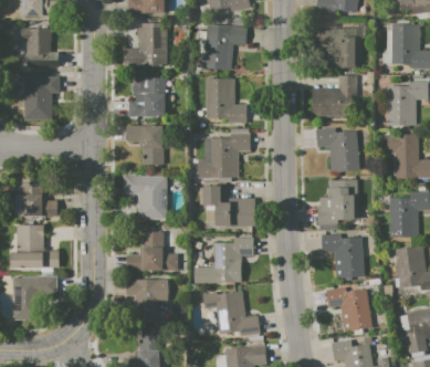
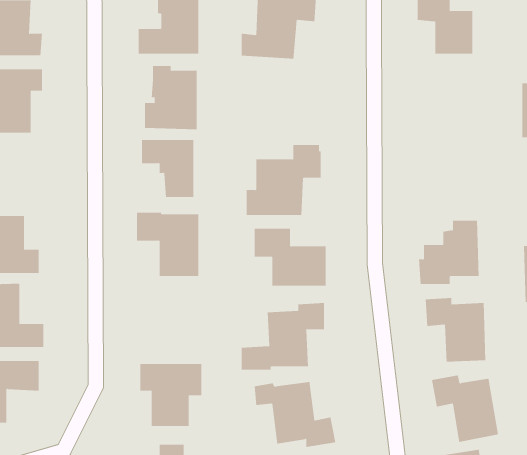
building: [312,75,355,116] -> none
building: [206,78,247,123] -> none
building: [315,126,359,171] -> none
building: [126,231,178,271] -> none

